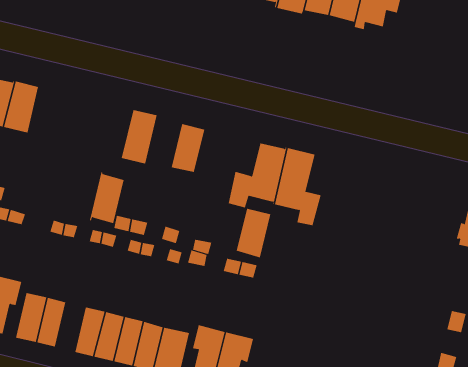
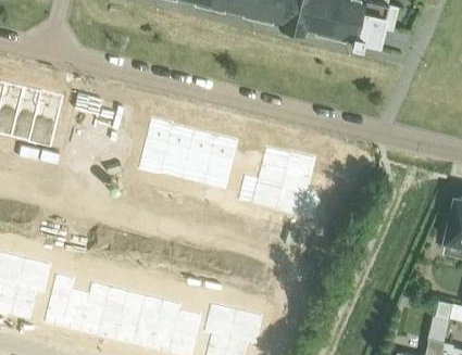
building: [89,171,125,224] -> [160,123,192,170]
building: [236,208,271,258] -> [204,136,237,181]
building: none -> [77,293,104,339]

